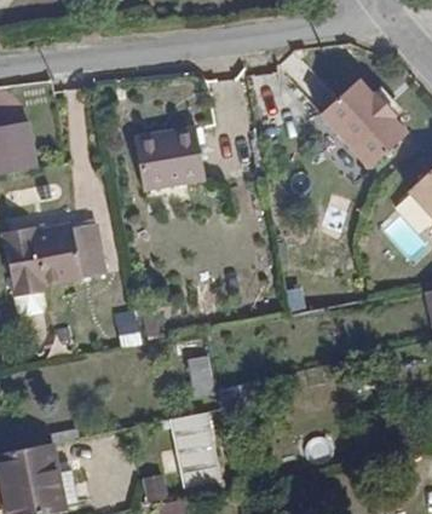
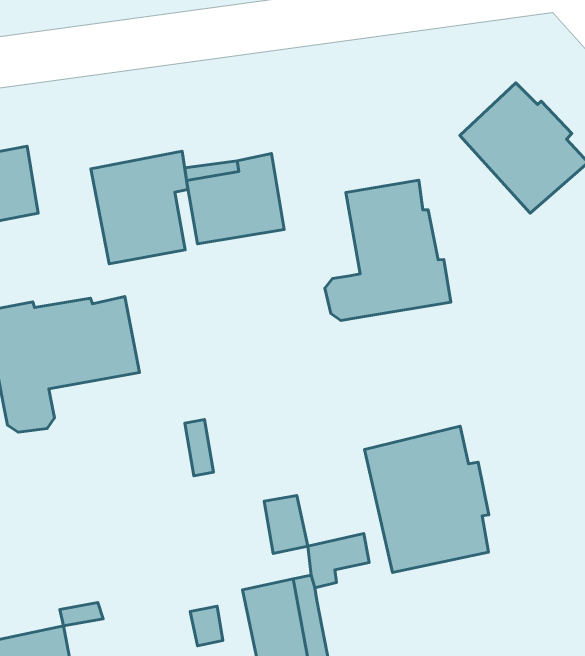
building: none -> [91,151,188,264]
building: none -> [325,180,451,320]
building: none -> [365,426,489,573]

